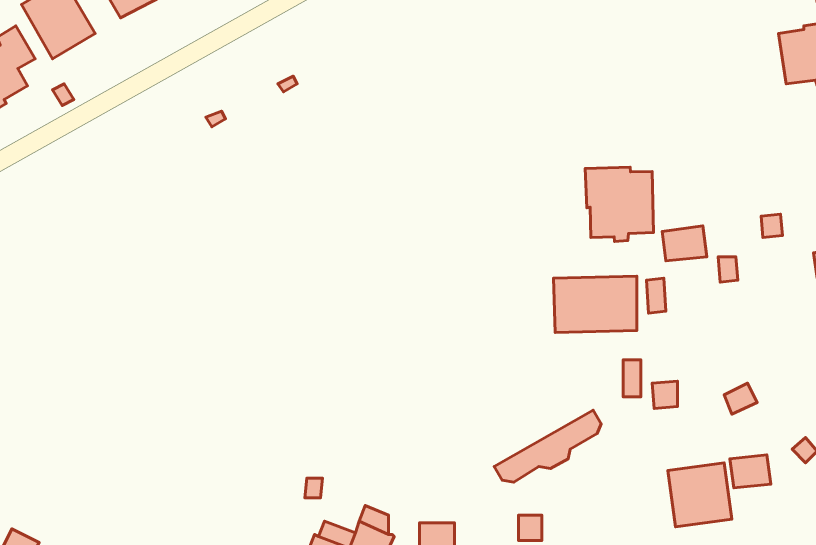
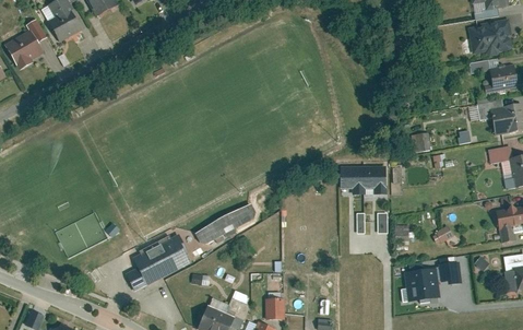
building: [585,167,653,241] -> none
building: none -> [121,232,194,292]
building: [494,410,601,482] -> [195,201,255,241]

